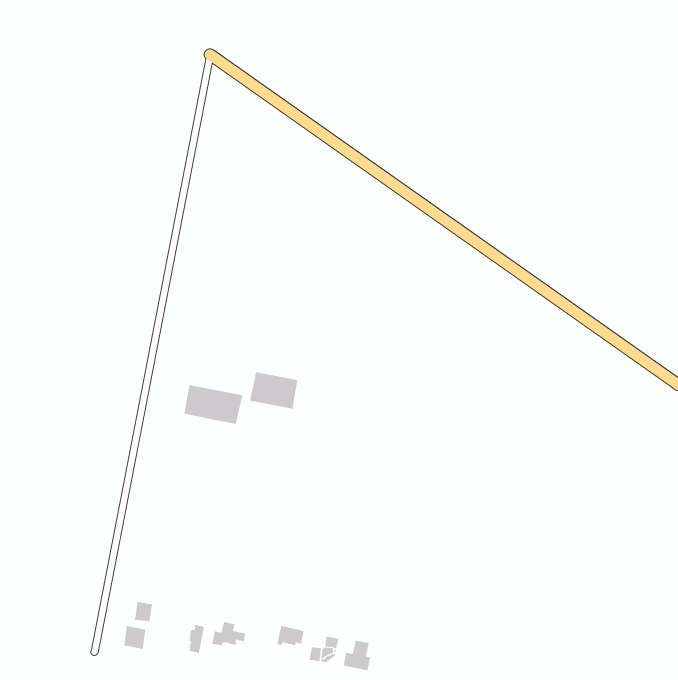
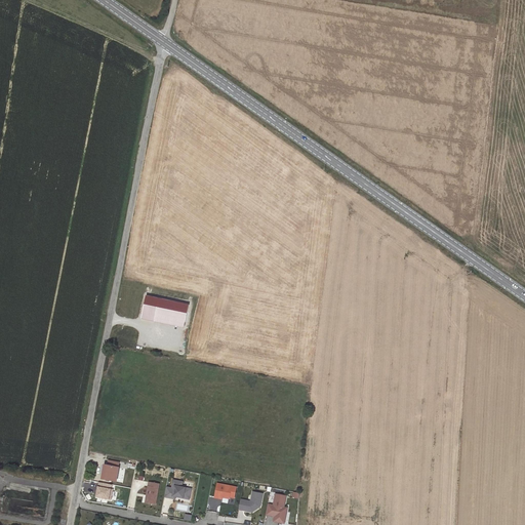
building: [250,372,298,409] -> none

